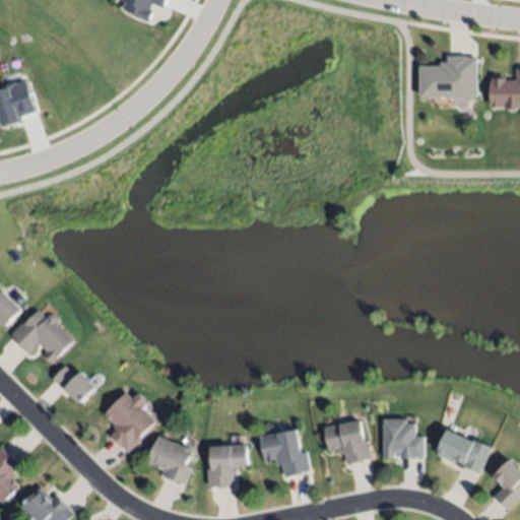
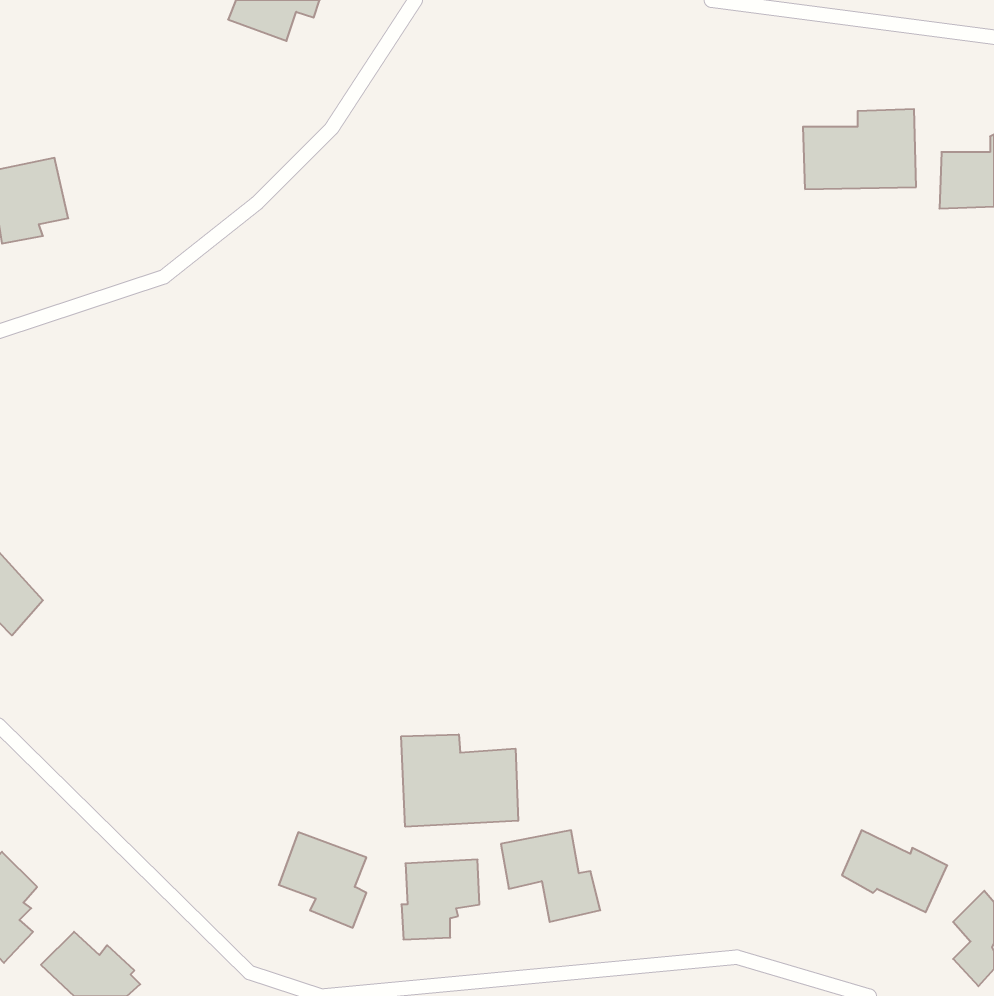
building: [8,307,72,361] -> none
building: [52,366,95,401] -> none
building: none -> [401,734,518,827]
building: [104,391,154,450] -> none
building: [323,418,370,464] -> none
building: [382,418,425,459] -> none

